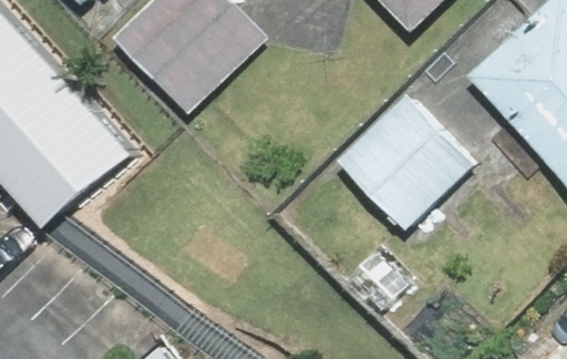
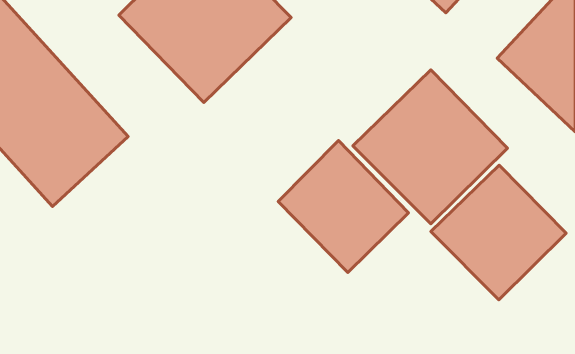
building: none -> [278,141,409,273]
building: none -> [431,165,566,300]

